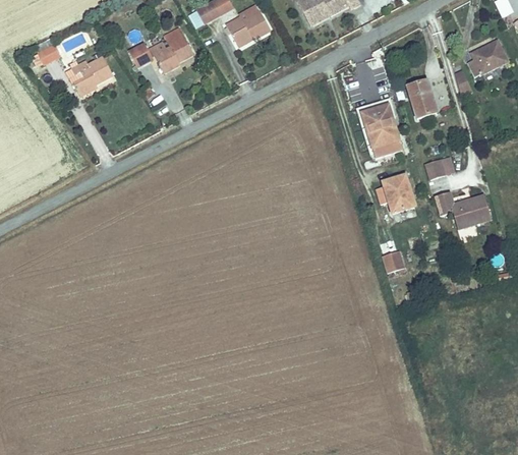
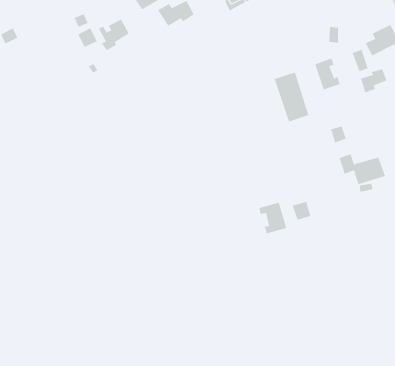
building: [71,56,112,94] -> none
building: none -> [360,68,387,93]
building: [378,173,415,210] -> none
building: none -> [259,202,287,234]

